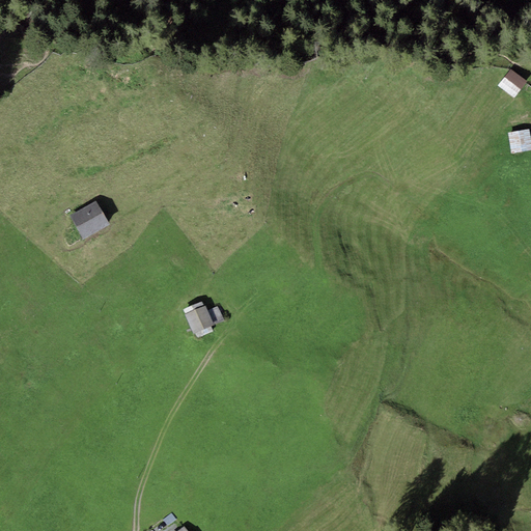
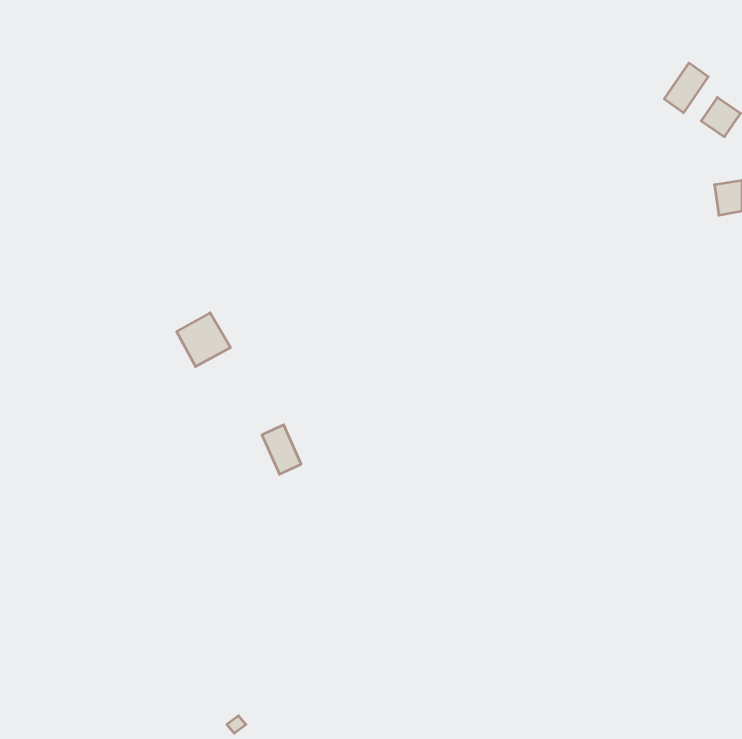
building: none -> [664,63,708,113]
building: [69,197,108,235] -> [177,313,230,367]

